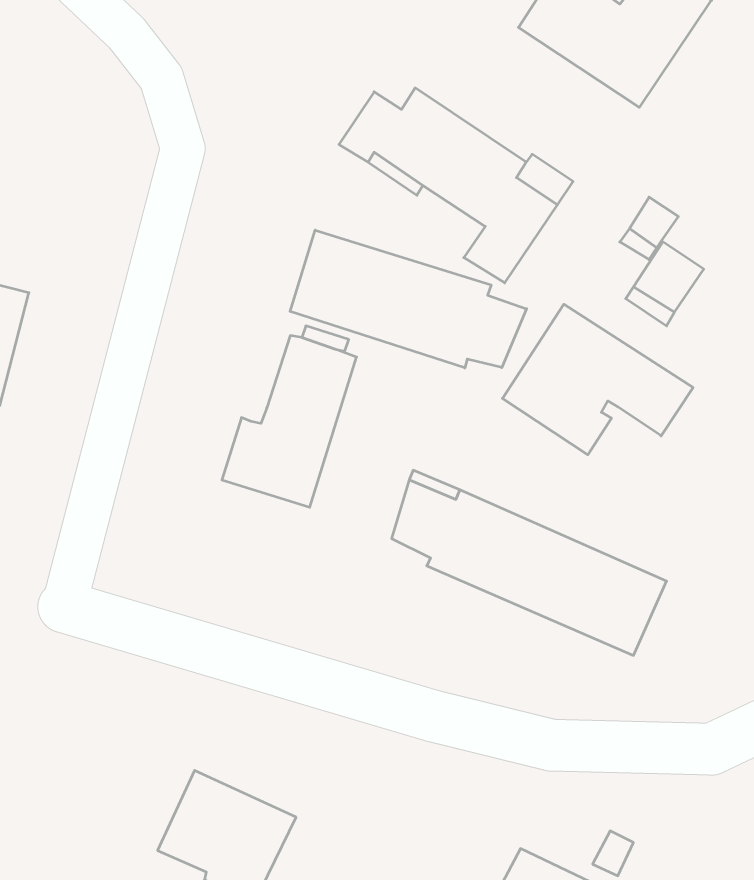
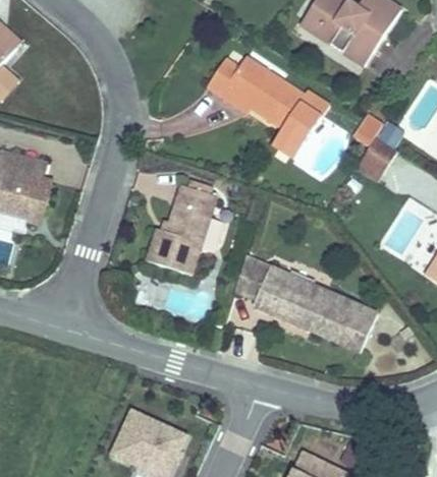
building: [290,230,527,368] -> none
building: [502,304,693,455] -> none

